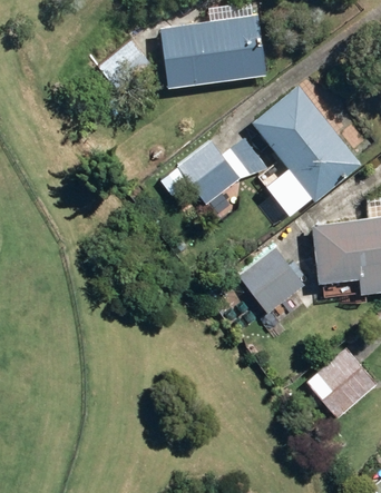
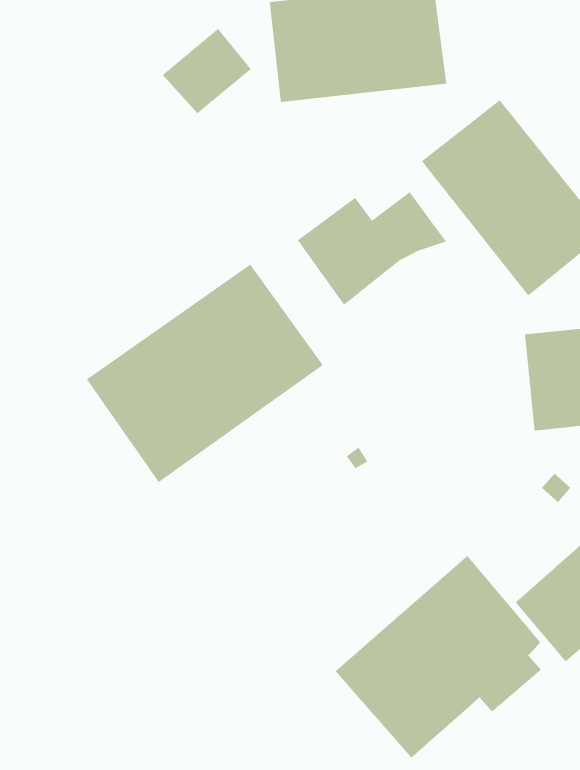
building: none -> [86,264,324,483]
building: [237,249,304,316] -> none
building: none -> [334,555,542,758]

